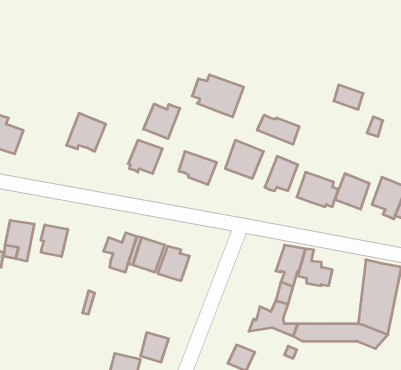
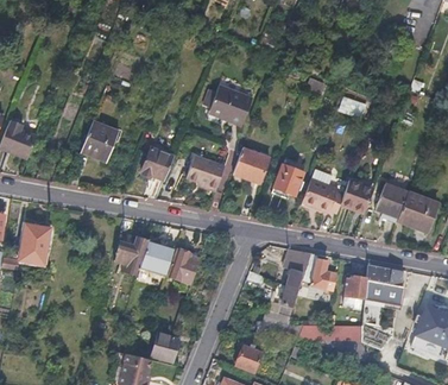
building: [143,104,180,139] -> none
building: [257,115,299,144] -> none
building: [41,225,68,257] -> none
building: none -> [343,274,366,310]

